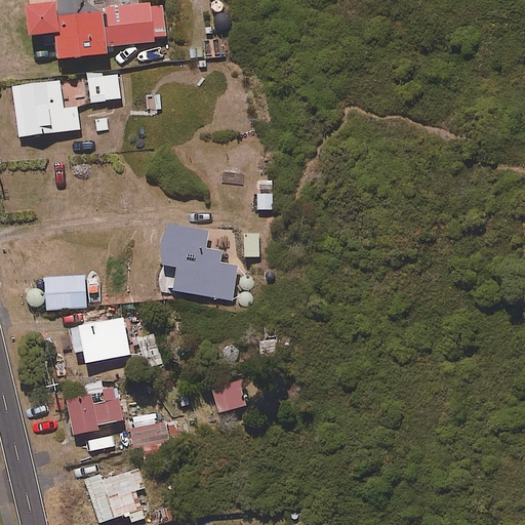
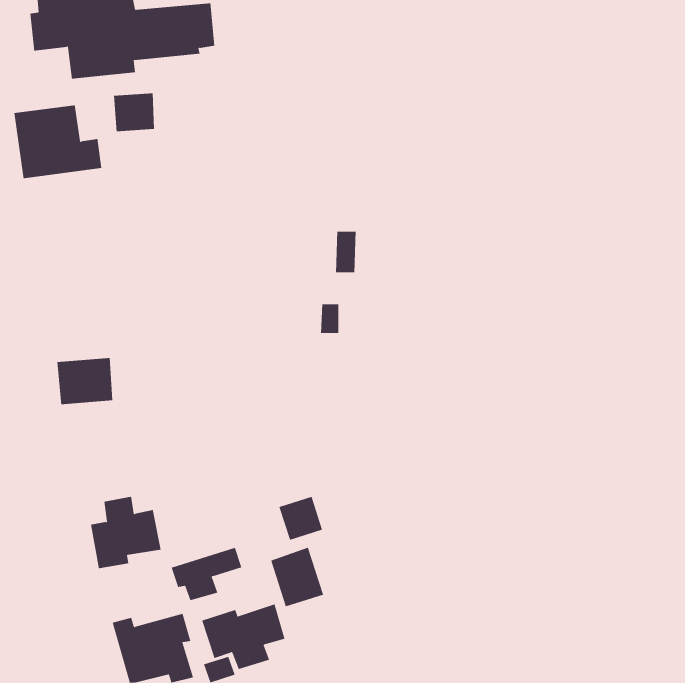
building: [162,225,237,298] -> none
building: [71,318,127,362] -> none
building: none -> [271,547,324,607]
building: none -> [202,604,285,670]

